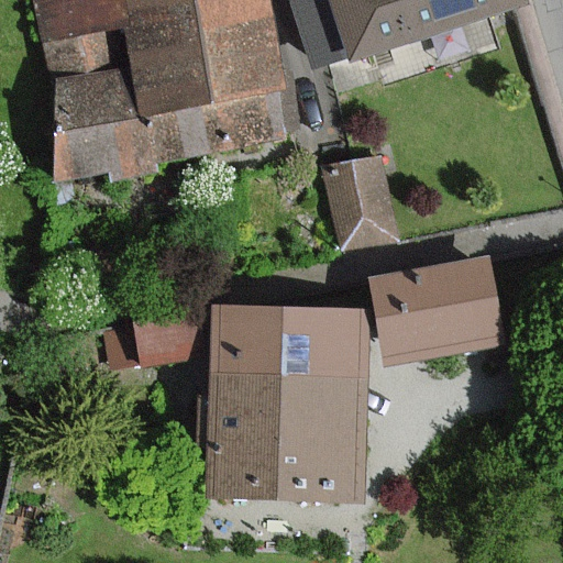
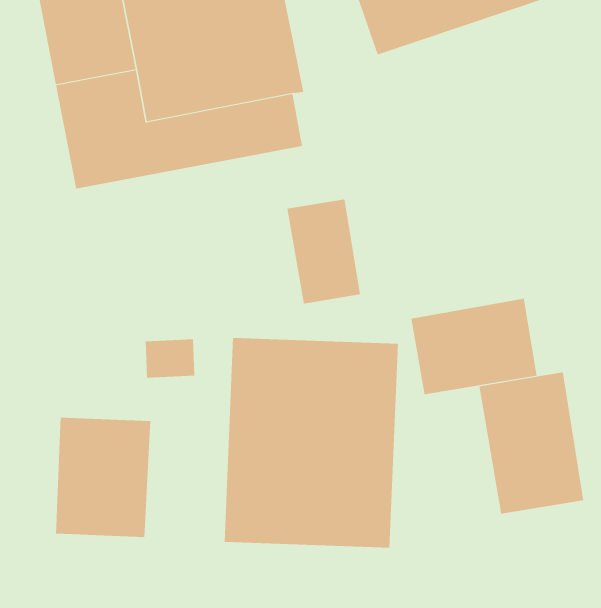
building: [329,155,397,252] -> [287,199,361,304]
building: none -> [479,371,584,515]
building: none -> [55,417,151,538]

